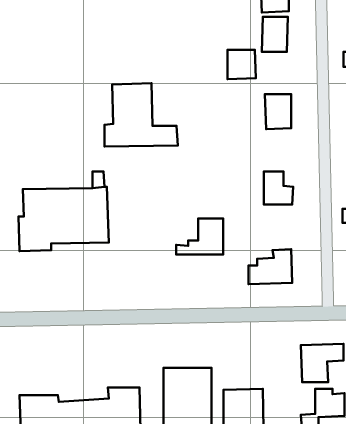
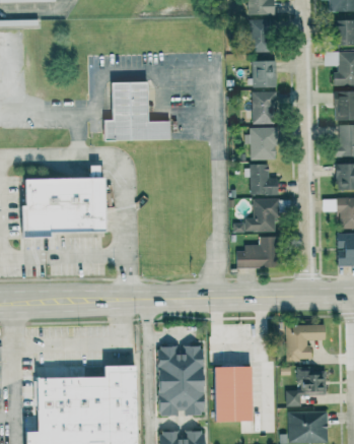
building: [227,50,256,79] -> [251,60,277,87]
building: none -> [246,128,277,160]
building: [176,219,223,255] -> [233,198,277,232]

